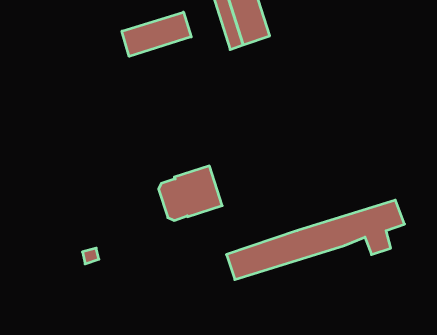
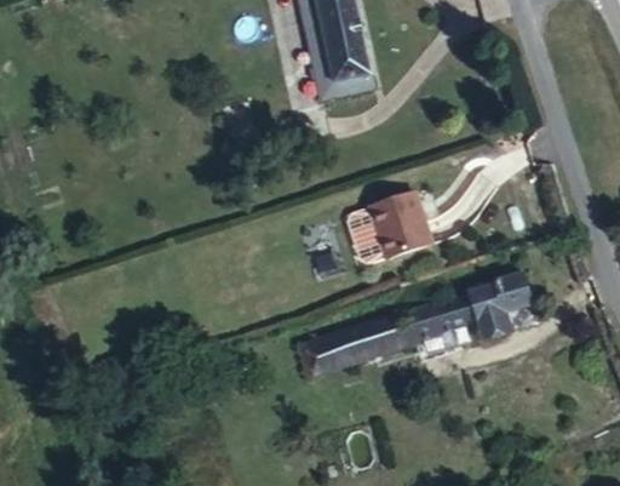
building: [122,12,191,56] -> none
building: [159,166,222,220] -> [338,191,421,263]

